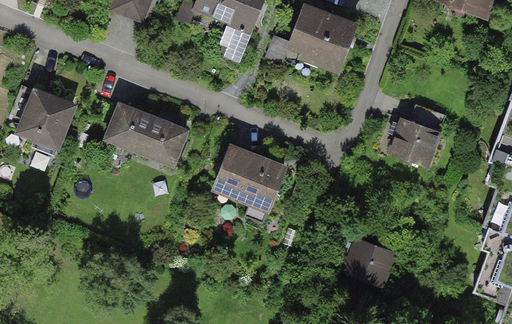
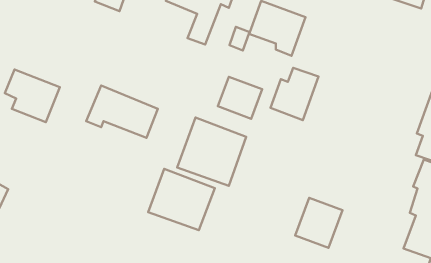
building: none -> [218,77,262,119]
building: [390,106,445,166] -> [270,68,319,120]
building: none -> [148,169,215,230]

